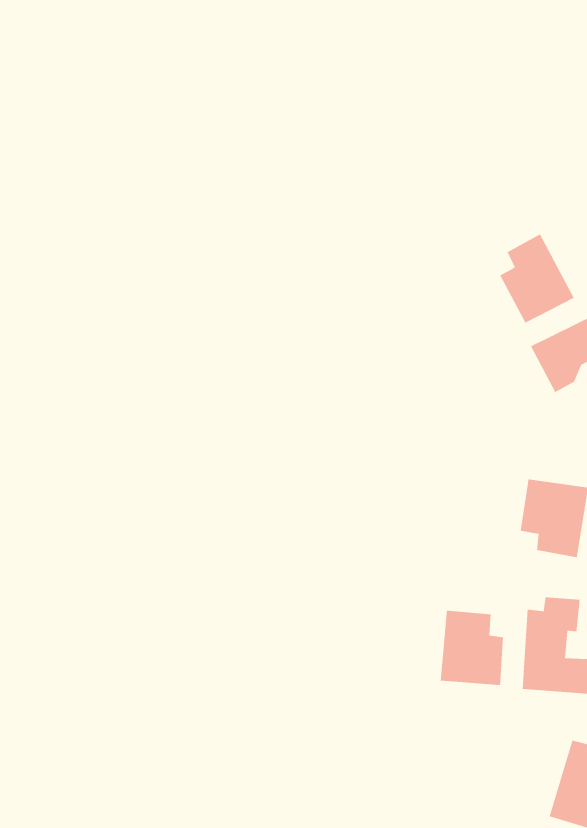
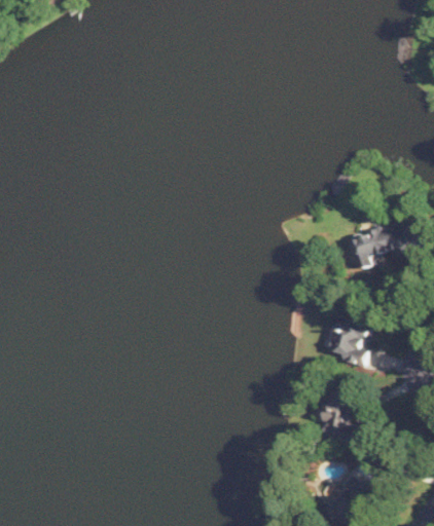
building: [500,233,575,323] -> none
building: [440,610,504,686] -> none

